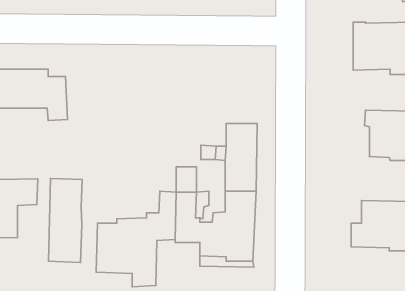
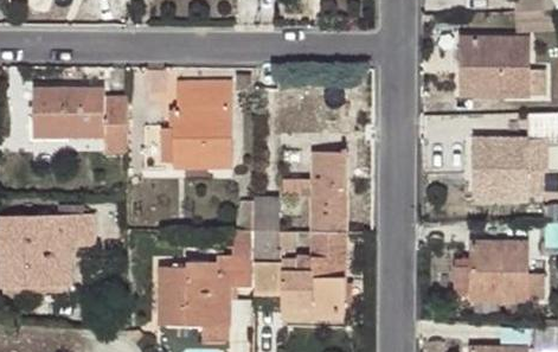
building: none -> [160,83,231,168]
building: [49,178,82,262] -> none

